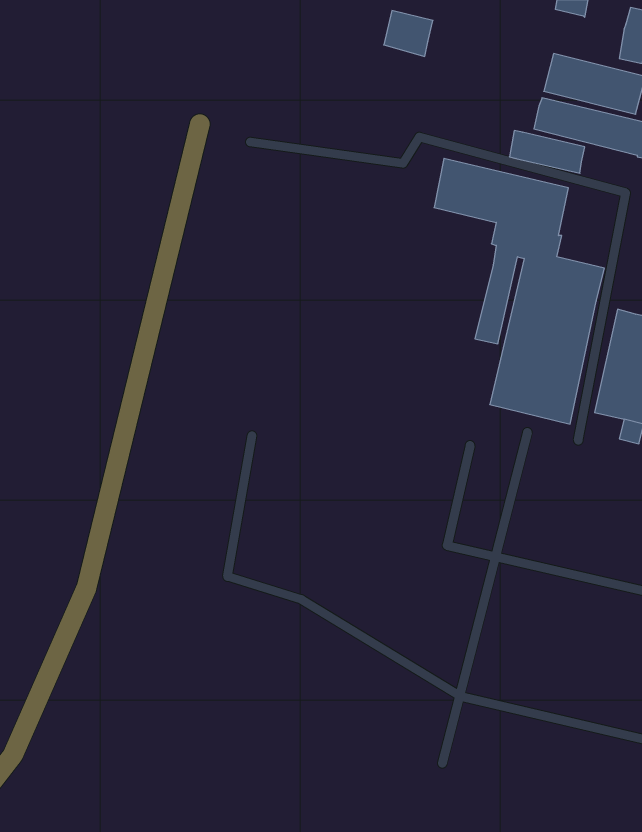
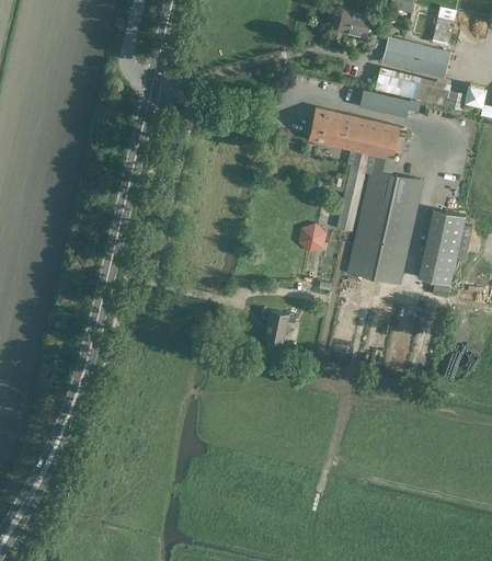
building: [384,11,433,56] -> [337,8,370,38]
building: none -> [299,224,325,252]
building: none -> [265,310,288,342]

